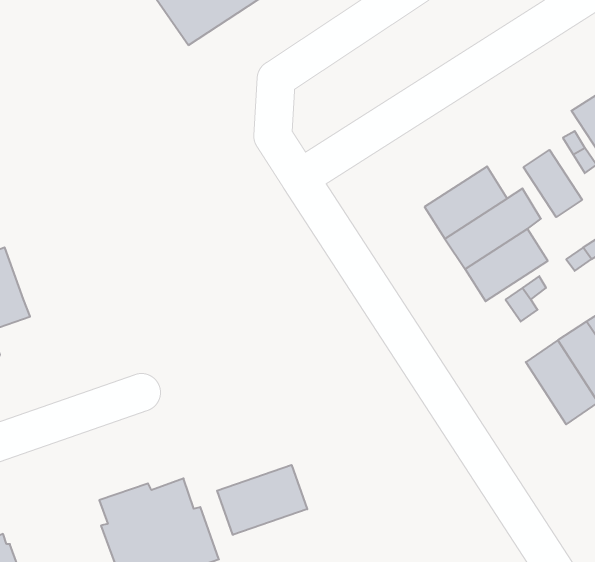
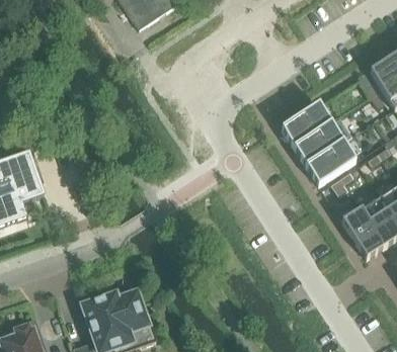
building: [524,150,582,217] -> none
building: [217,465,307,535] -> none

